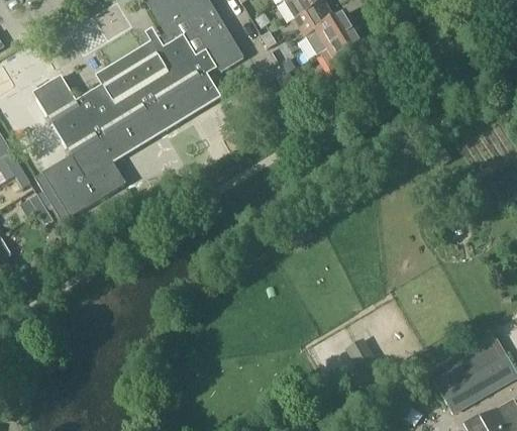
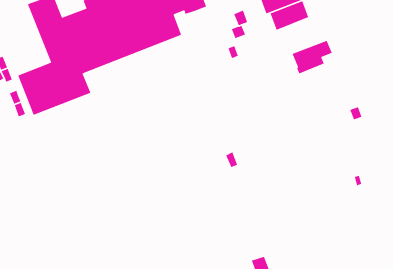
building: none -> [292,40,333,74]

